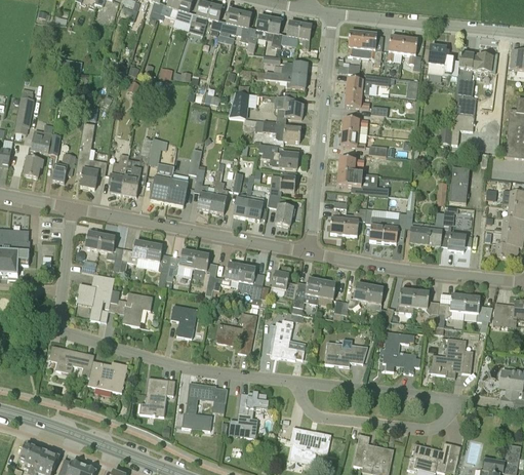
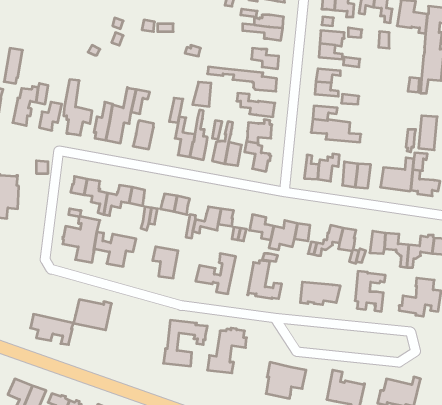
building: [229,92,248,118] -> [193,82,211,106]
building: [166,180,188,205] -> none
building: [49,345,94,377] -> [30,314,73,345]
building: [144,377,175,415] -> none

